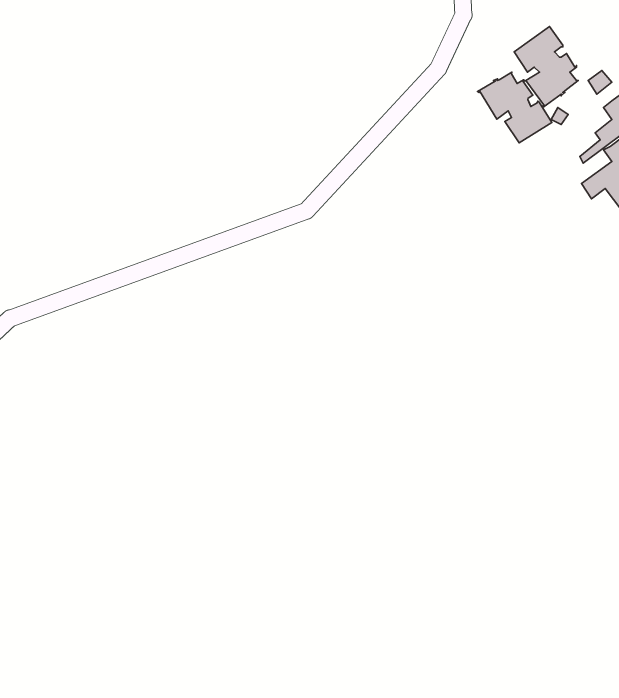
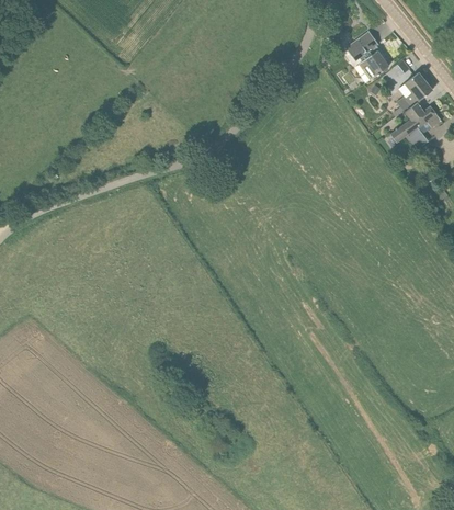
building: [478,72,552,143] -> none

